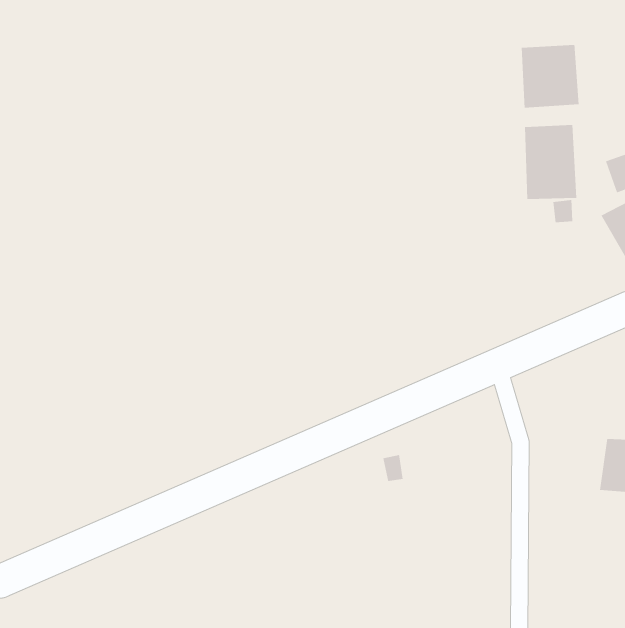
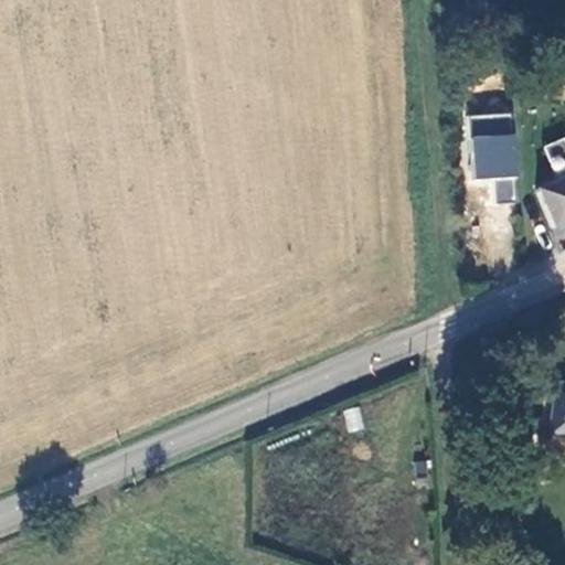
building: [521,44,579,109] -> none

